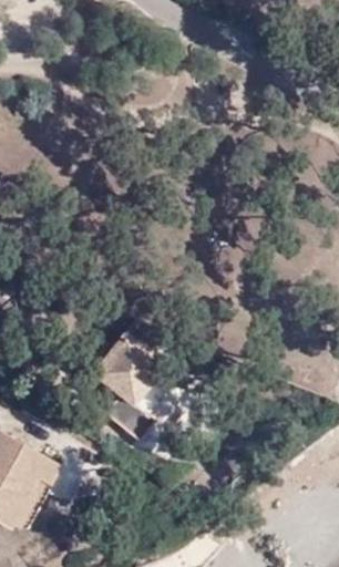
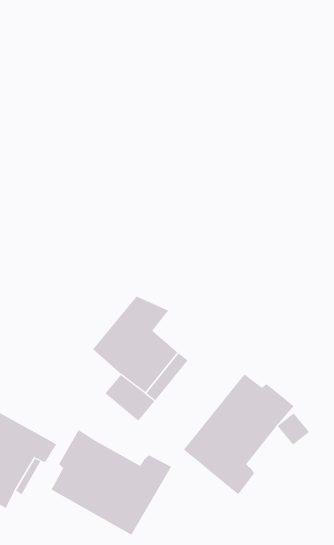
building: none -> [183,373,295,495]
building: none -> [51,429,172,536]

